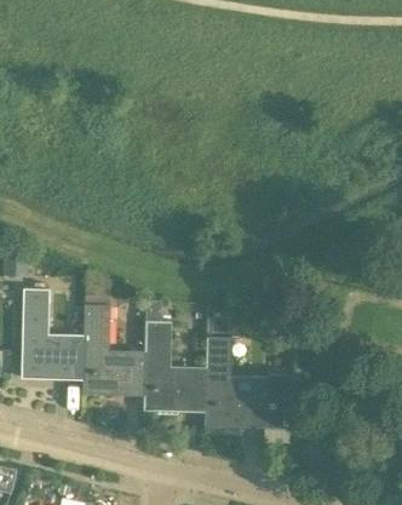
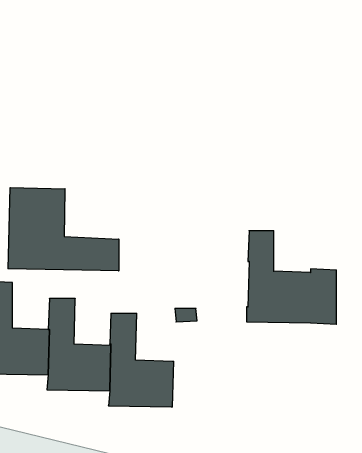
building: none -> [8,188,119,271]
building: [203,337,292,429] -> [247,231,336,324]

